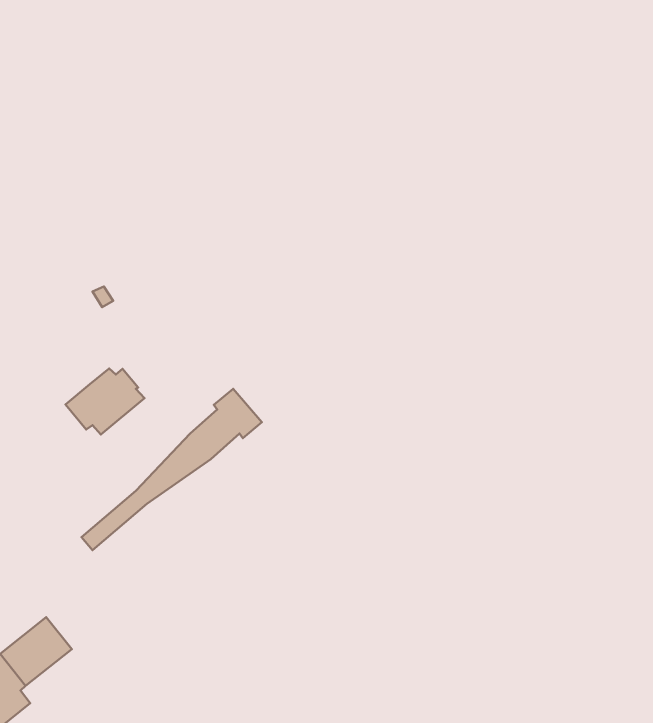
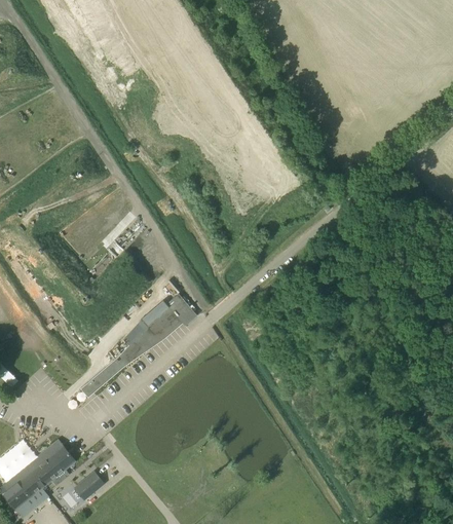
building: [66,368,145,435] -> none
building: none -> [72,471,103,499]

